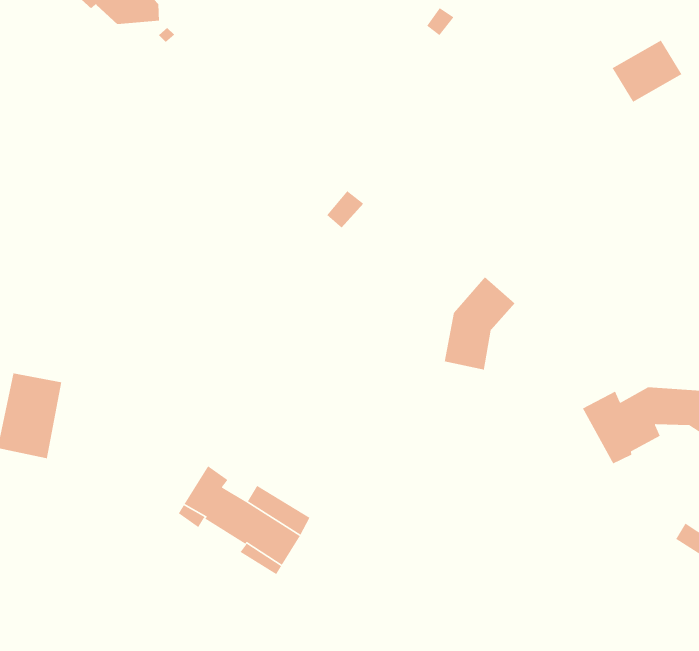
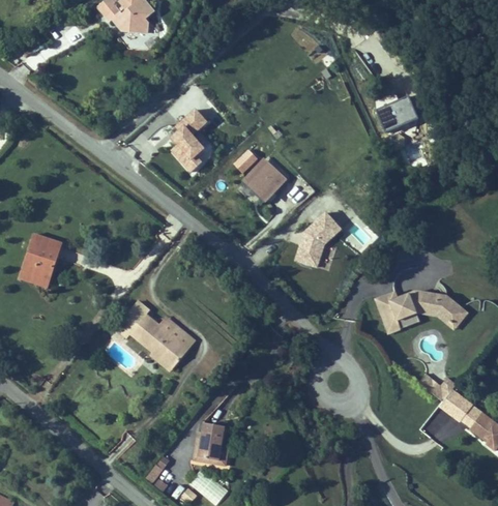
building: [611,39,683,103] -> [375,95,417,131]
building: none -> [169,108,207,172]
building: none -> [240,156,287,202]

